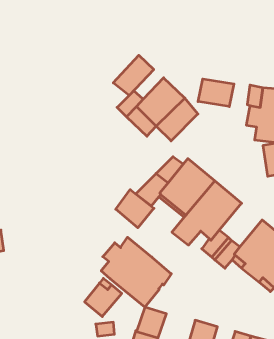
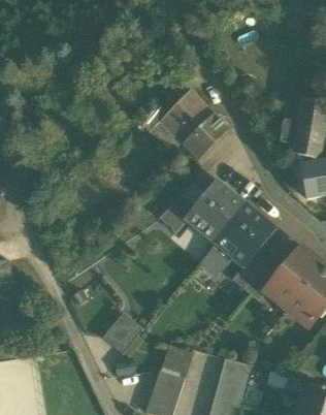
building: [113,55,154,95] -> none
building: [198,79,234,107] -> none
building: [116,190,154,228] -> none
building: [101,237,171,307] -> none

